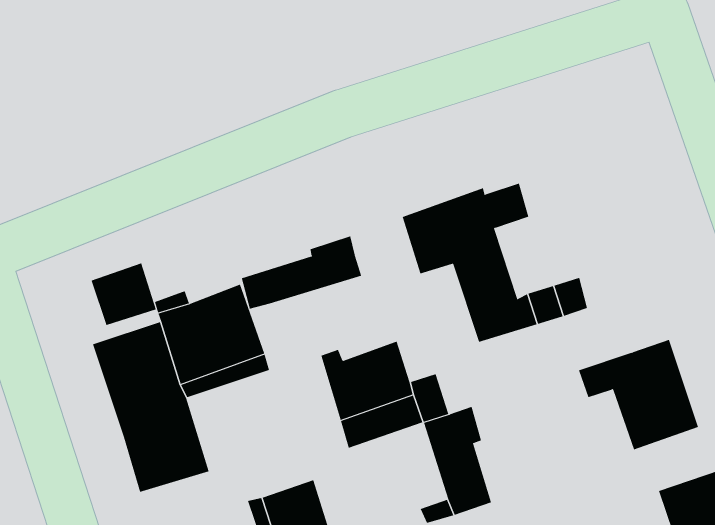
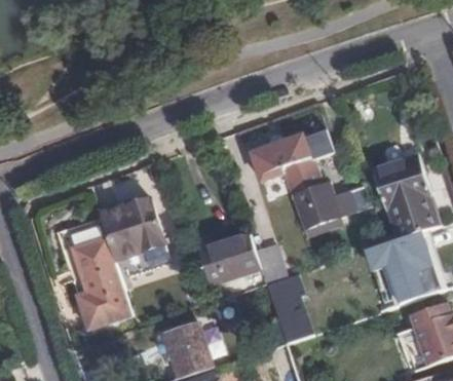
building: none -> [369,157,432,239]
building: [241,236,362,309] -> none
building: [91,263,156,326] -> none

